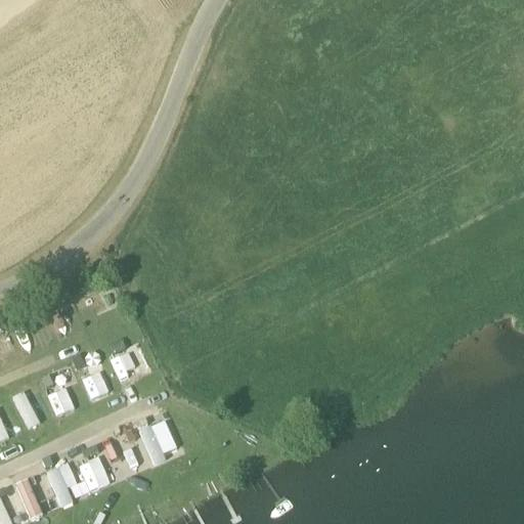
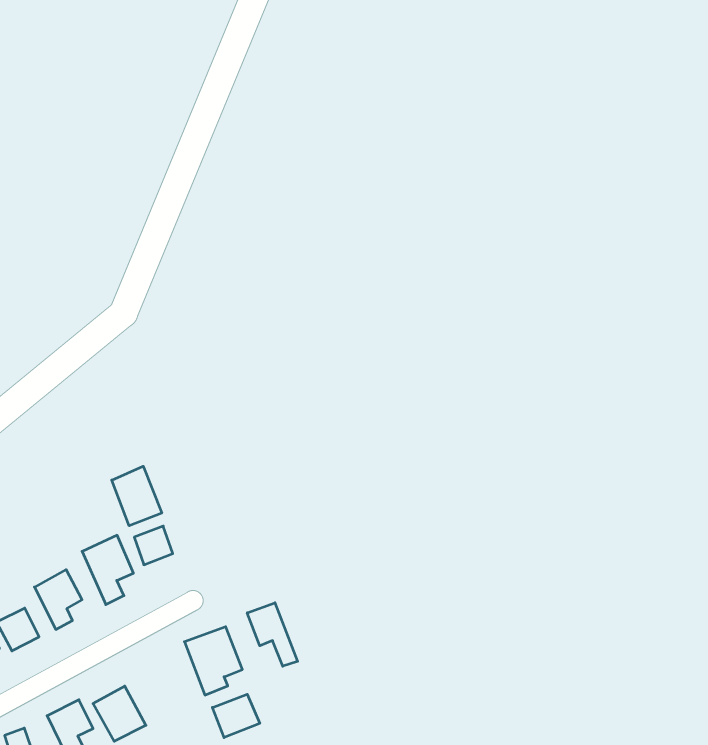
building: none -> [112,466,162,526]
building: none -> [247,603,298,666]
building: none -> [212,694,260,738]

